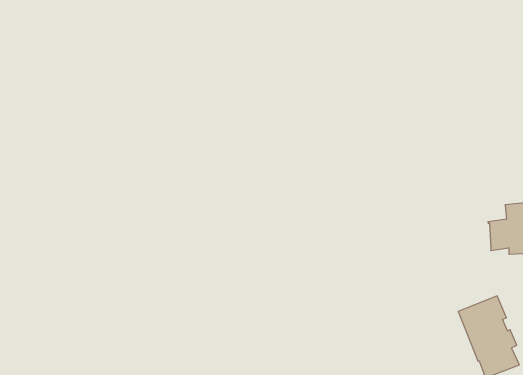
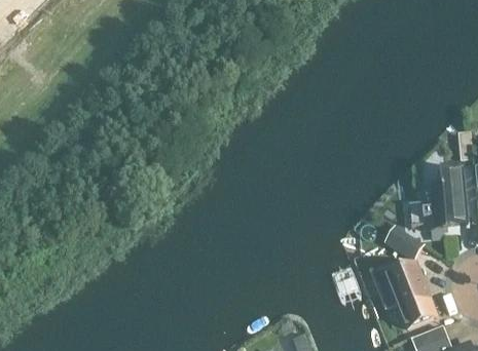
building: none -> [383,225,424,261]

